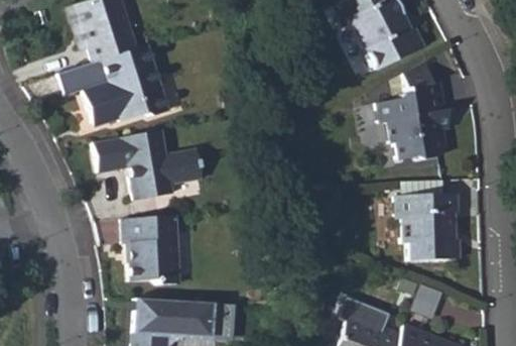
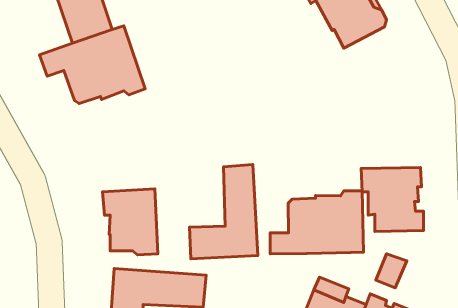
building: [376,85,447,160] -> none
building: [93,129,201,200] -> none
building: none -> [190,165,258,259]
building: none -> [270,191,364,254]

